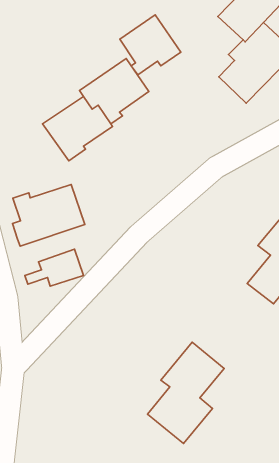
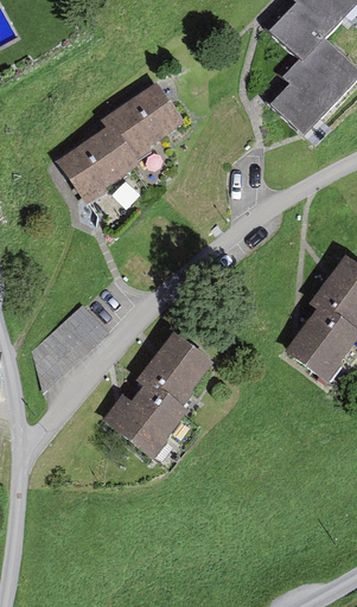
building: [120,15,181,75] -> none
building: [13,184,85,246] -> none
building: [147,342,224,443] -> [125,340,218,464]

